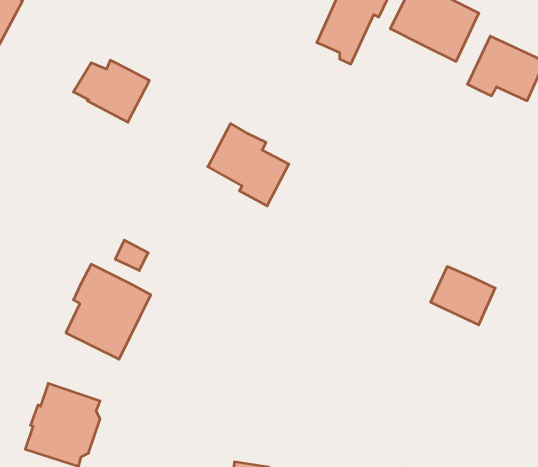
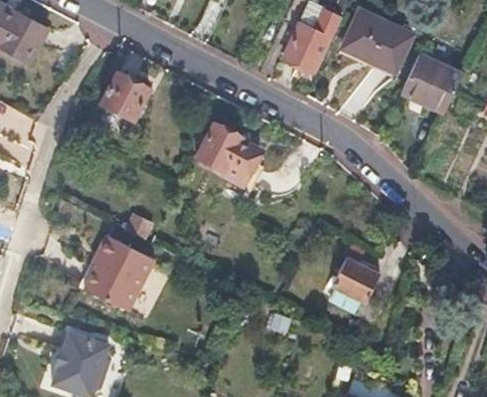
building: [431,267,495,325] -> [332,259,383,306]

